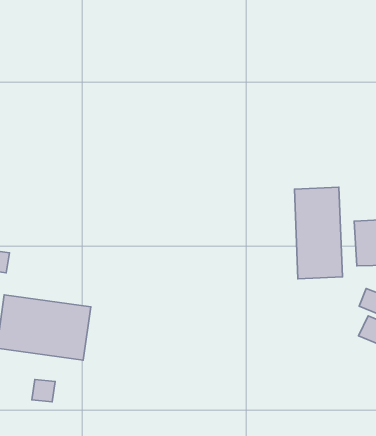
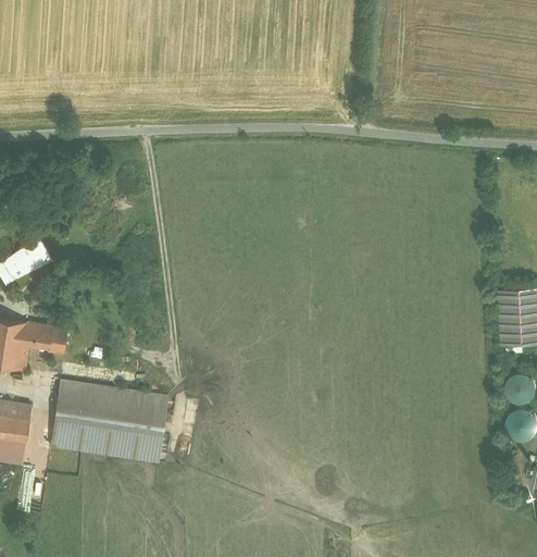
building: [294,187,342,279] -> none
building: [32,380,55,402] -> none

